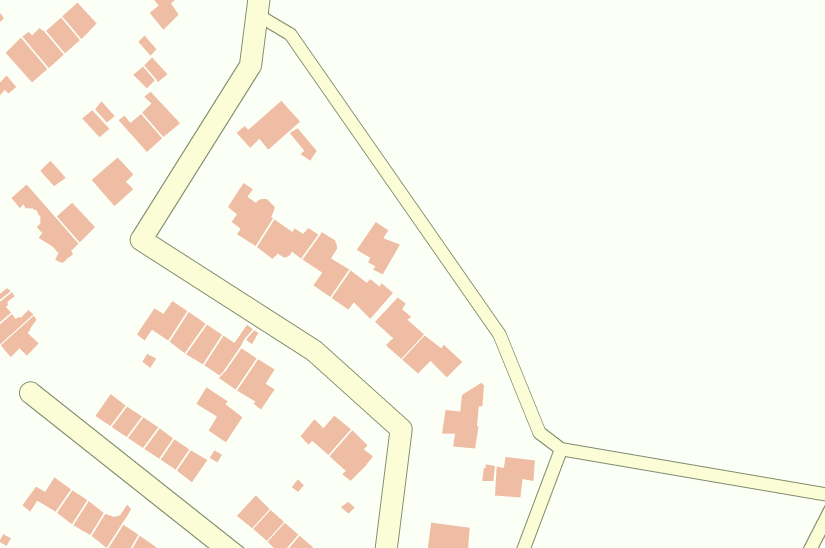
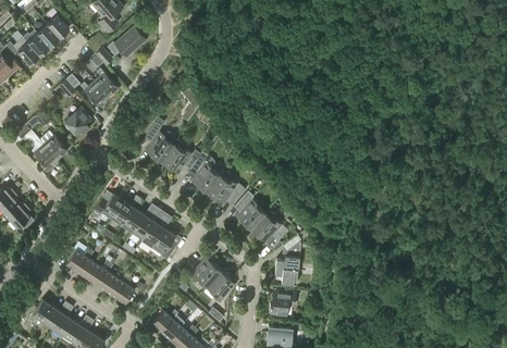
building: [236,100,301,151] -> [107,27,146,58]
building: [355,221,401,276] -> none
building: [195,386,243,444] -> none
building: [494,456,536,498] -> [270,290,295,315]

